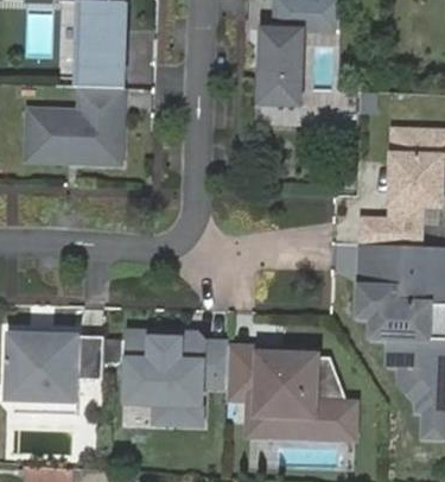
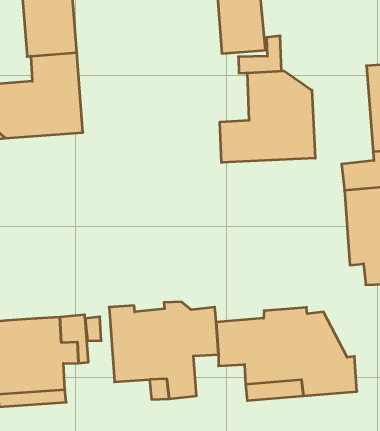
building: none -> [220,71,315,163]

